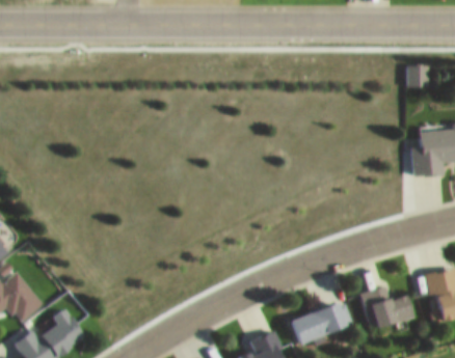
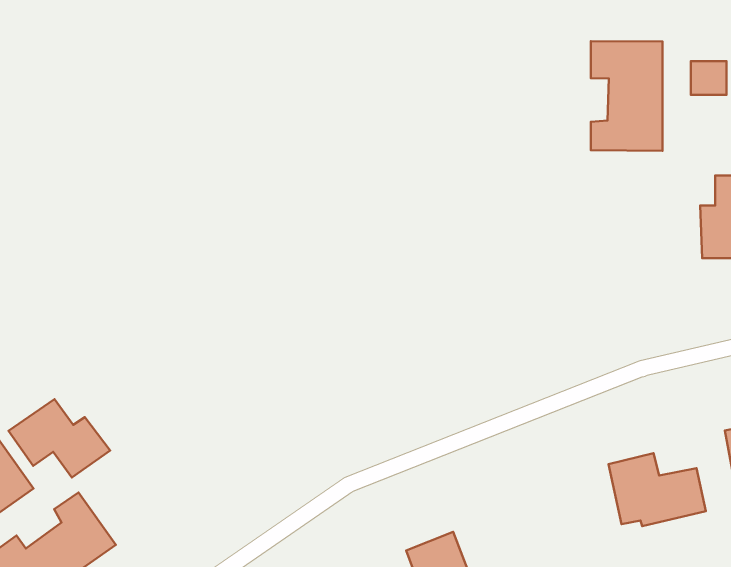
building: none -> [591,41,663,151]
building: none -> [9,399,110,477]
building: [290,302,349,342] -> none

